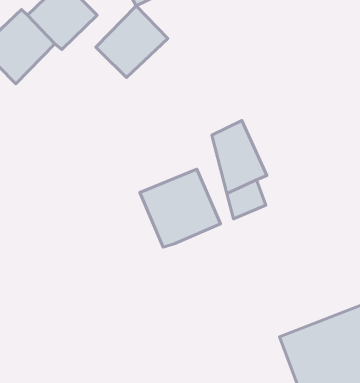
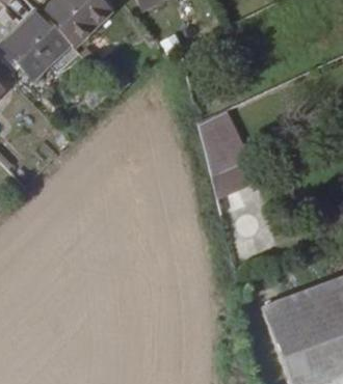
building: [96,6,168,77] -> none
building: [140,169,220,247] -> none

